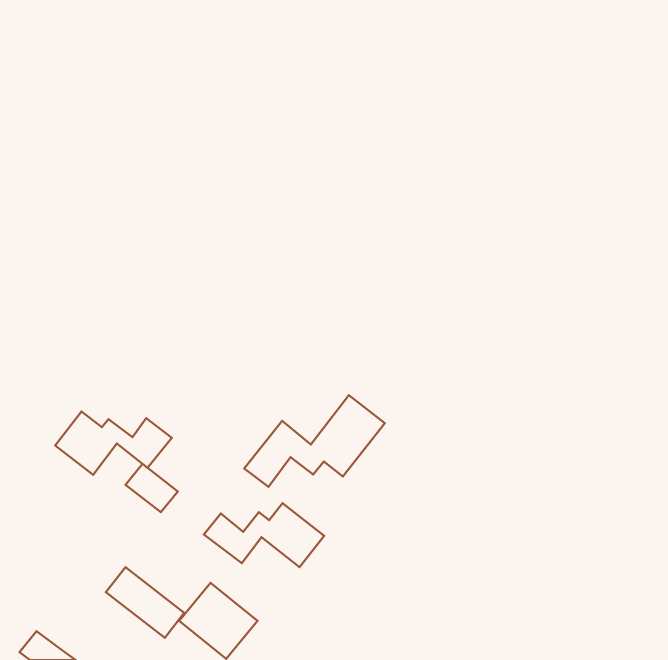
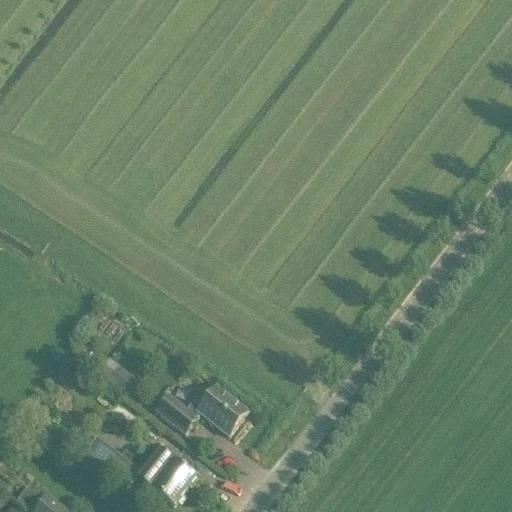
building: [244,395,385,487] -> none
building: [55,411,172,475] -> none

